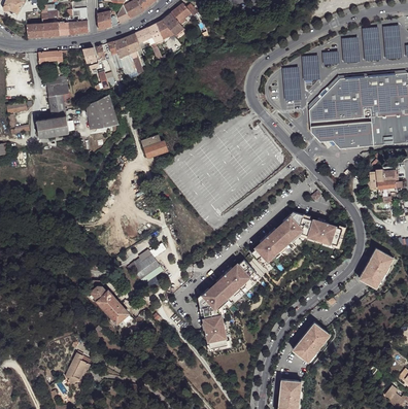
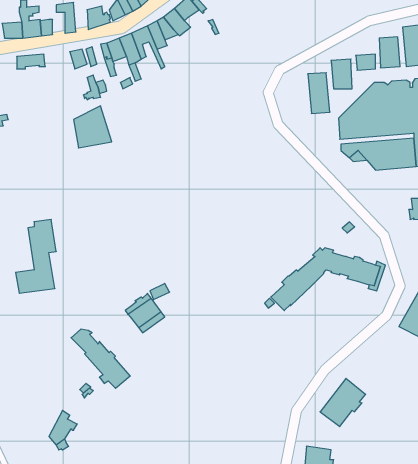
building: [37,76,71,138] -> [16,219,56,293]
building: [140,134,168,160] -> none
building: [199,261,254,348] -> none

